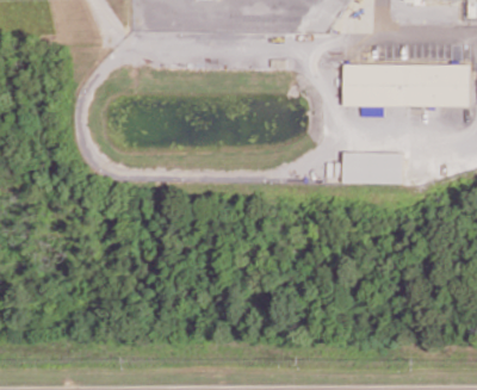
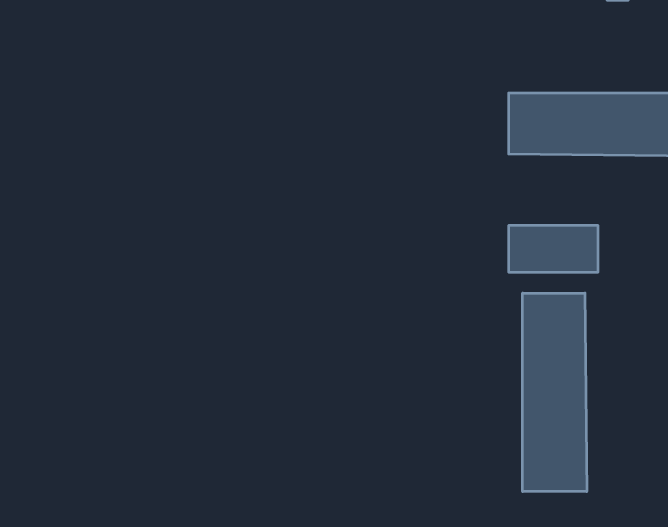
building: none -> [523,293,587,492]

